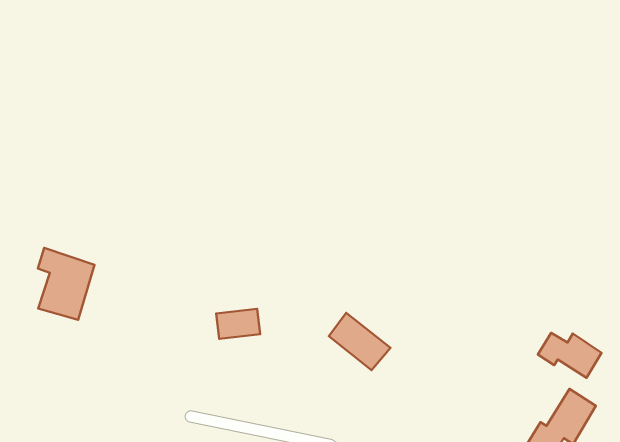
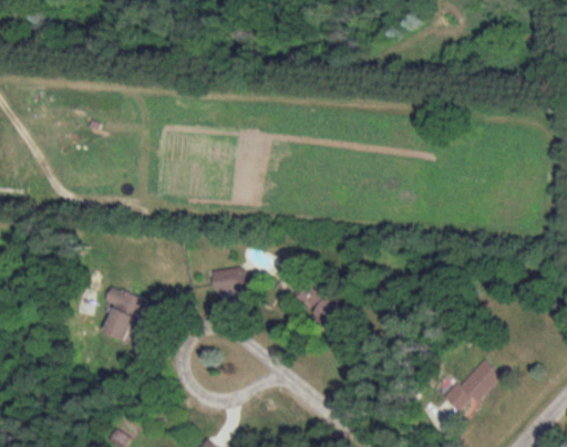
building: [38,248,95,320] -> [101,285,148,344]
building: [538,333,602,378] -> none

